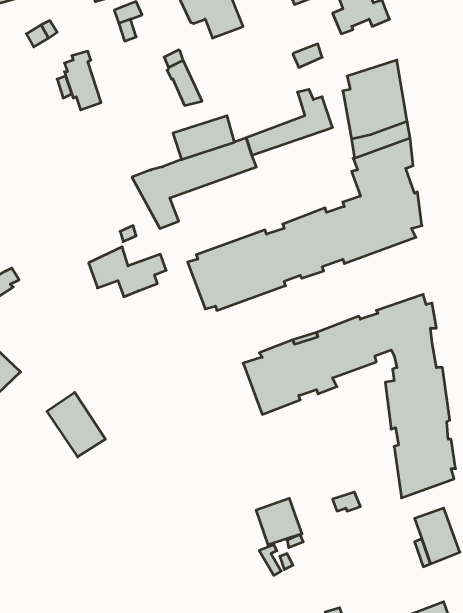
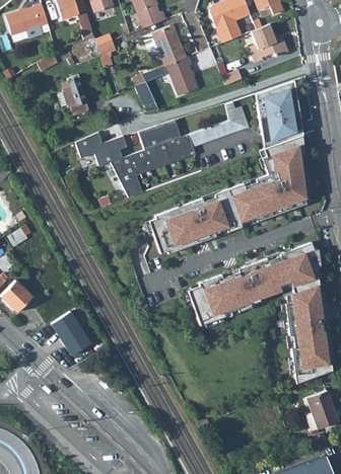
building: none -> [167,56,198,95]
building: [89,247,166,297] -> [75,131,129,165]
building: [256,498,302,545] -> none

